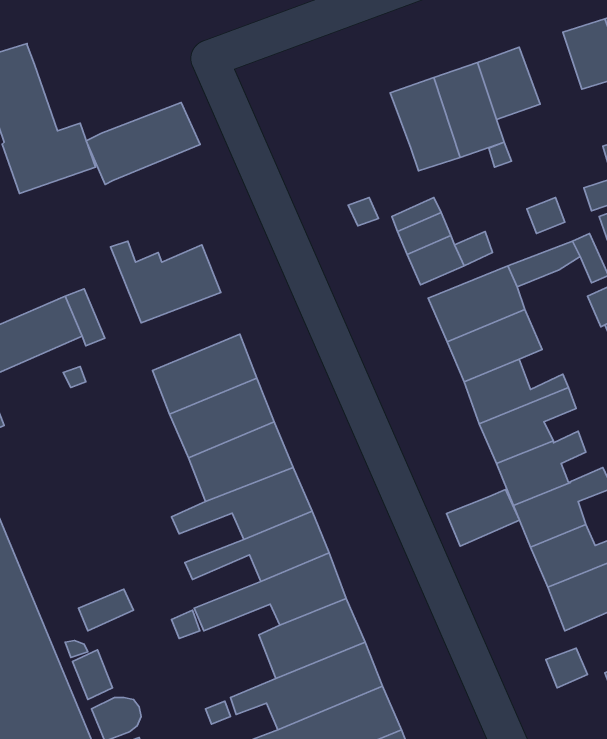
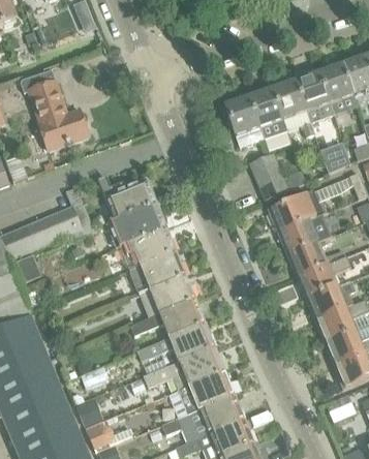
building: none -> [319,62,358,114]
building: none -> [224,95,265,147]
building: [86,103,200,184] -> [105,204,167,248]
building: [446,489,520,546] -> none

